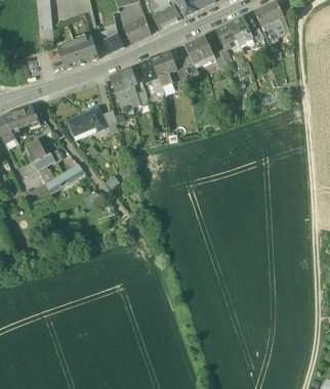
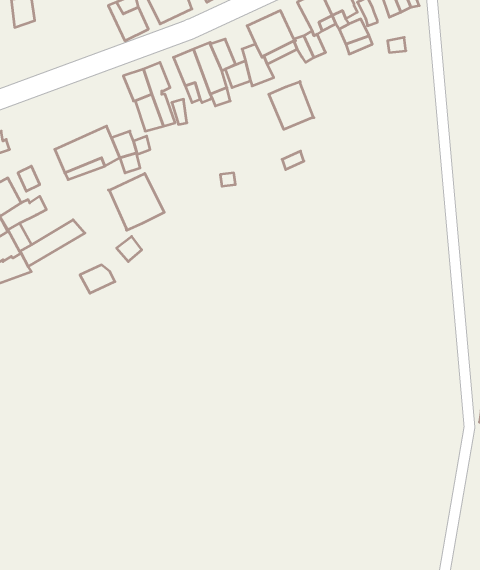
building: [56,34,99,70] -> none
building: none -> [269,81,314,129]
building: none -> [108,173,164,230]

